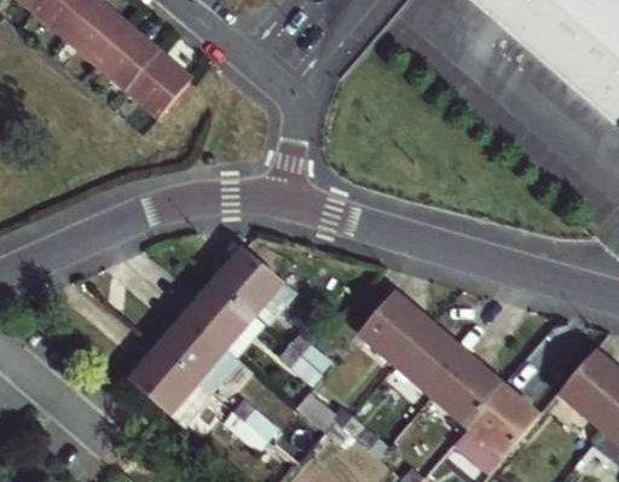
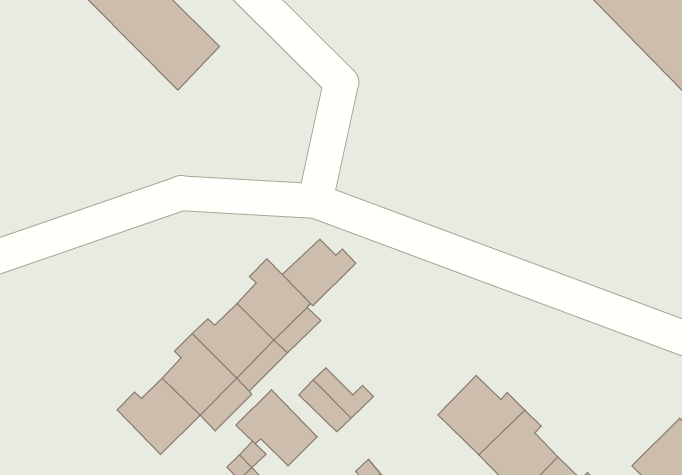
building: none -> [282,239,356,306]
building: [358,291,423,364] -> none
building: none -> [236,390,317,466]

